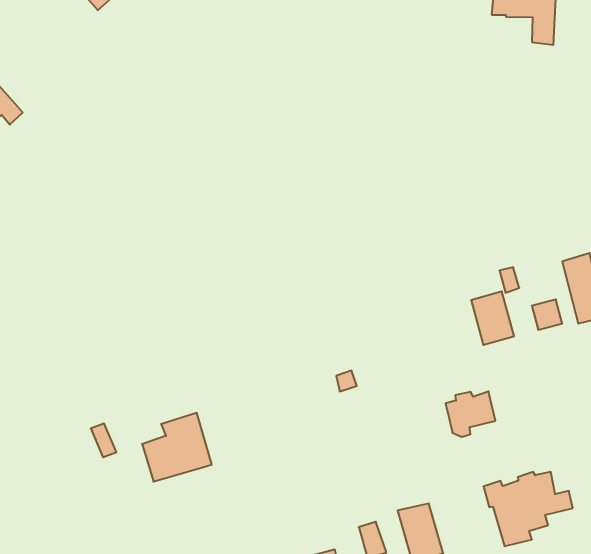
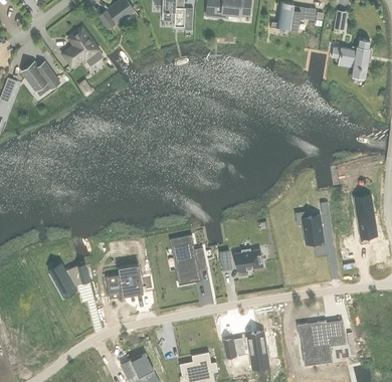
building: none -> [61,28,101,66]
building: none -> [173,242,204,284]
building: [446,391,495,437] -> [234,248,261,273]
building: none -> [48,265,76,299]

